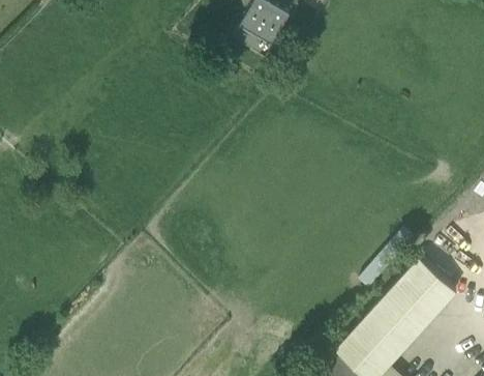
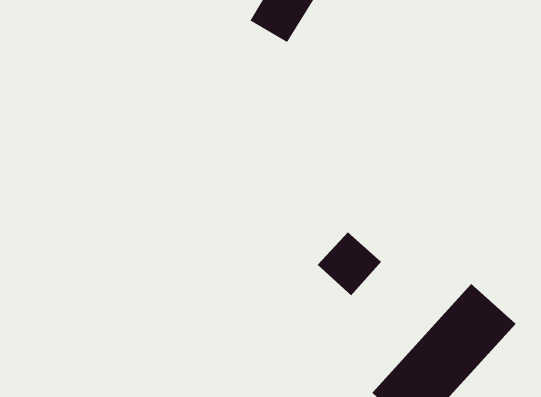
building: none -> [317,231,382,296]

